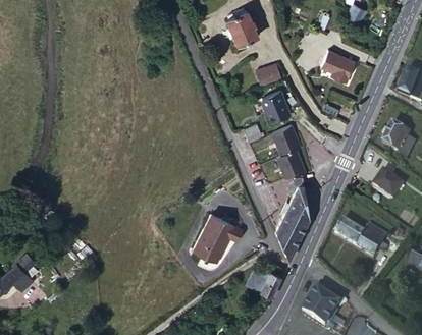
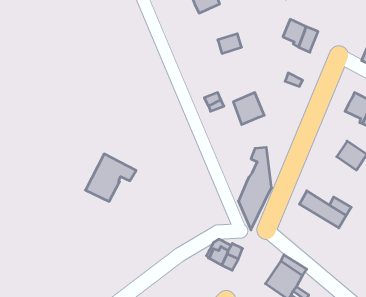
building: [259,90,289,122] -> none
building: [274,147,305,179] -> none
building: [192,213,242,260] -> [85,154,136,201]

